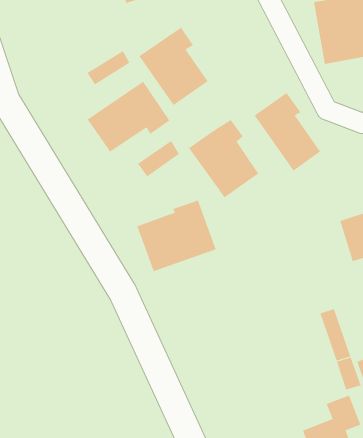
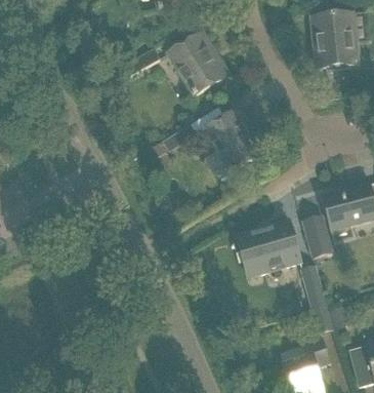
building: [87,81,170,152] -> none
building: [254,92,321,172] -> none
building: [137,200,217,272] -> [237,220,300,276]
building: none -> [302,214,332,258]

